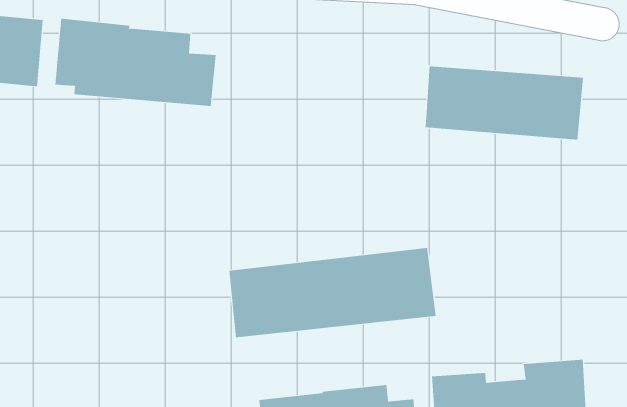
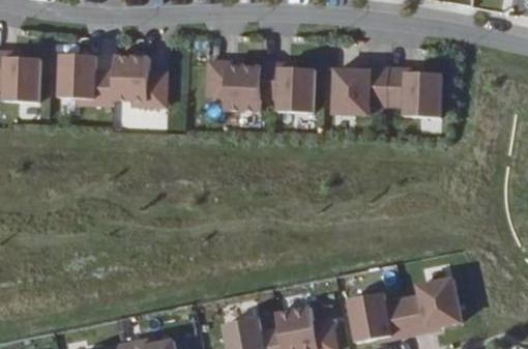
building: none -> [203,59,316,112]
building: [229,247,436,338] -> none

